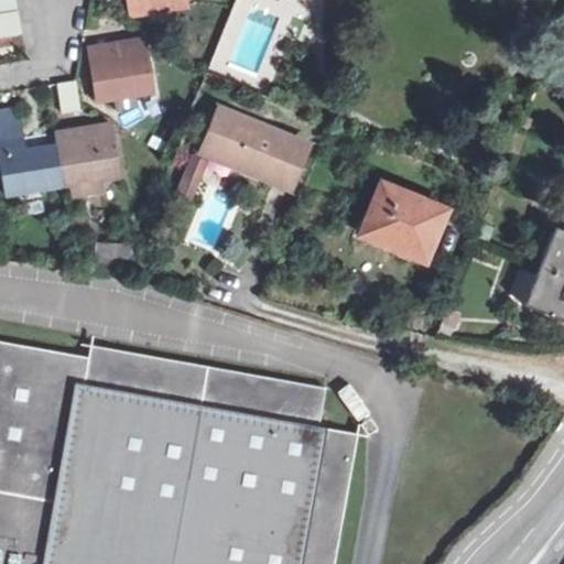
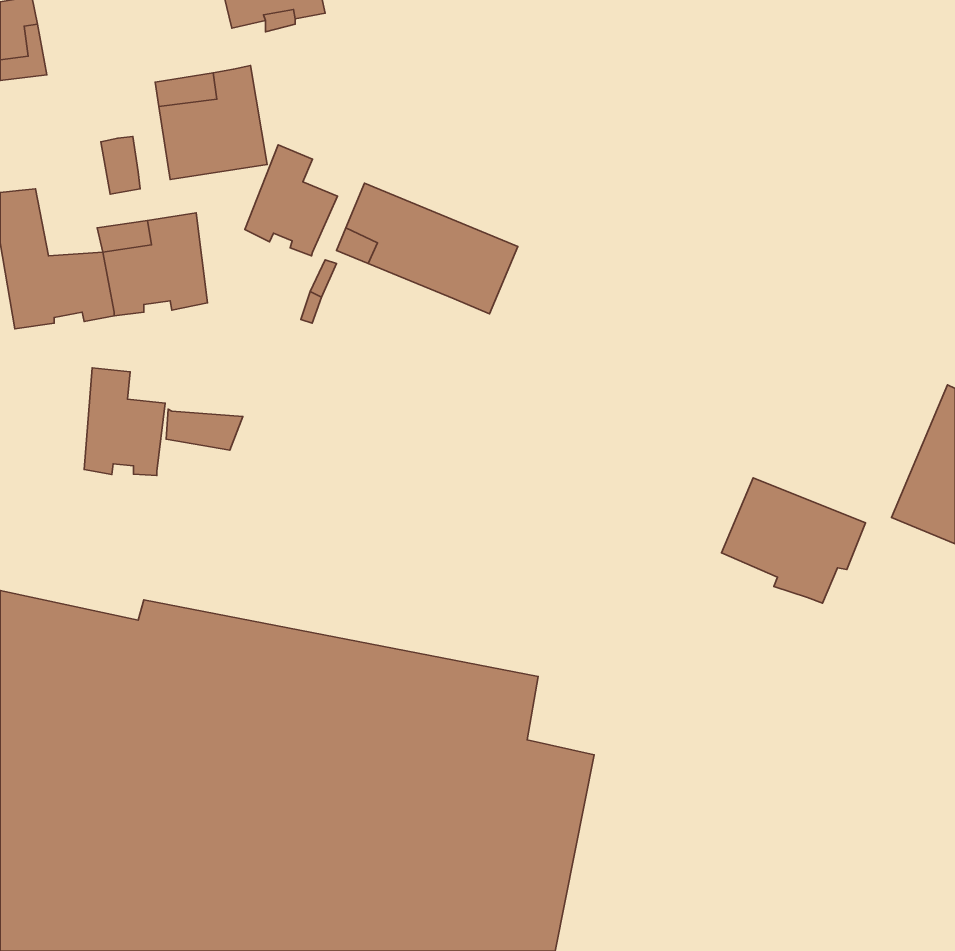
building: none -> [245,145,337,256]
building: [360,183,445,257] -> [722,478,865,603]
building: none -> [84,368,165,475]

